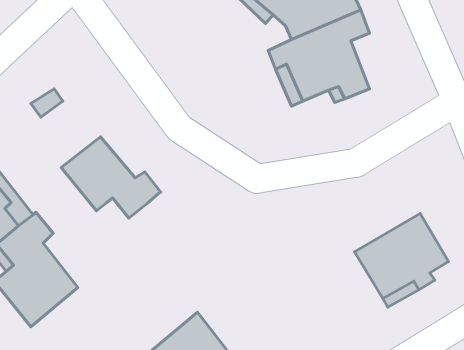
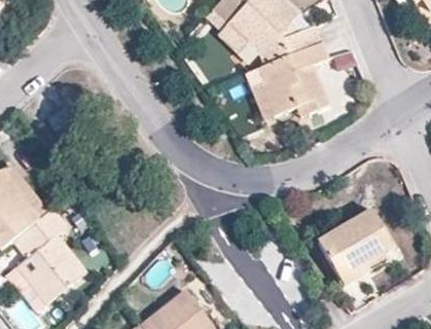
building: [61,137,161,218] -> none

